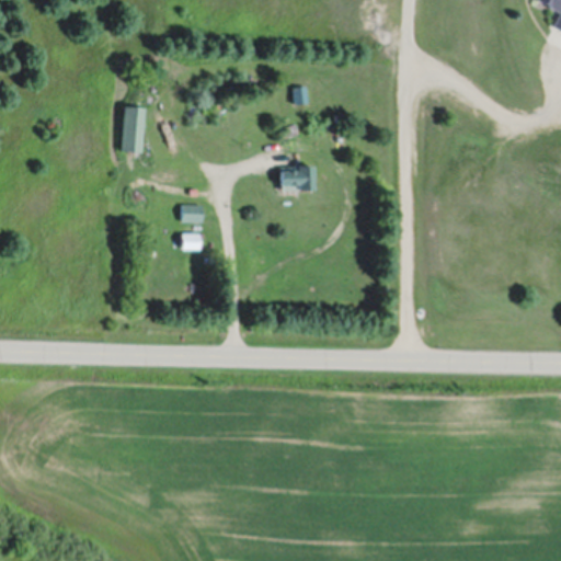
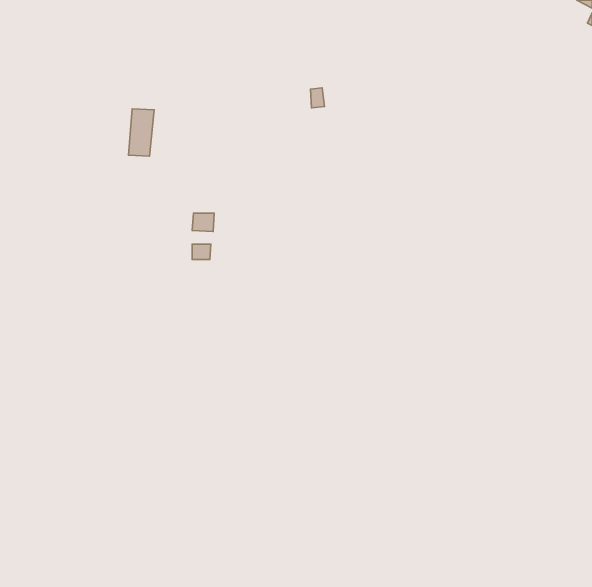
building: [280,168,313,192] -> none

